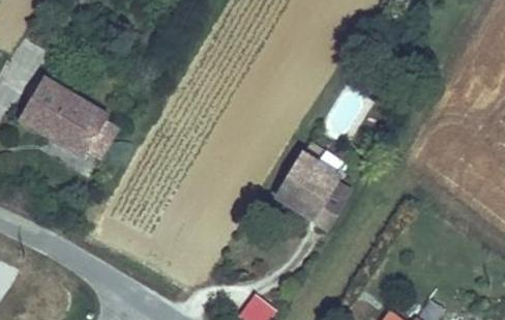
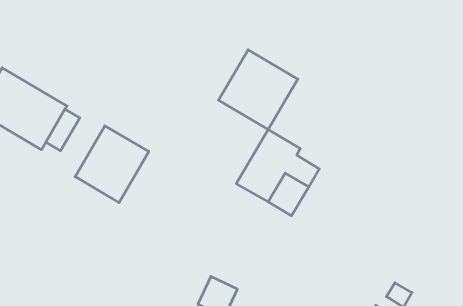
building: none -> [218,50,298,129]
building: none -> [75,126,149,203]

